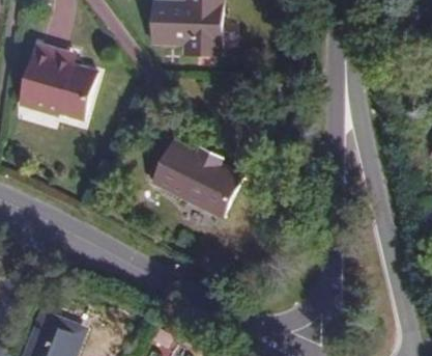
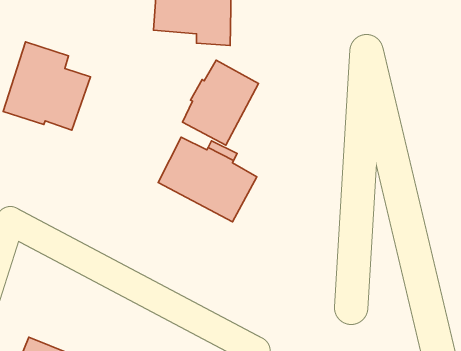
building: none -> [182,60,259,145]

